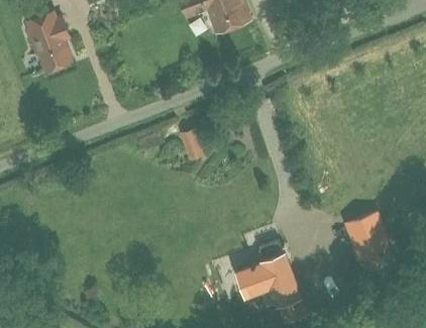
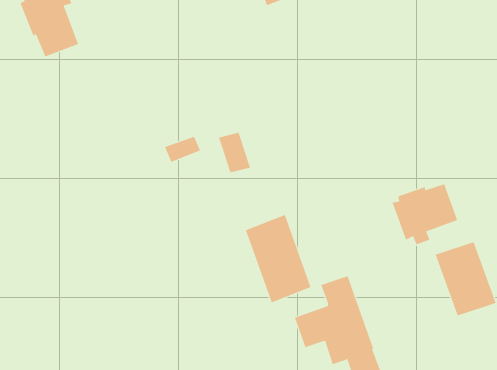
building: none -> [392,183,458,245]
building: none -> [245,214,311,303]

